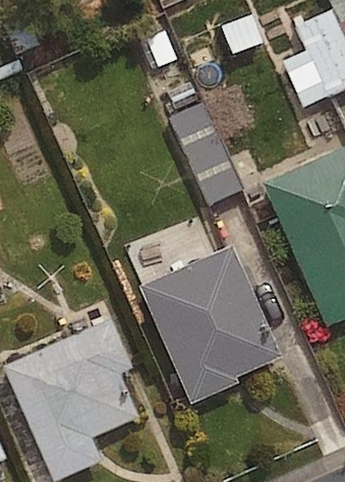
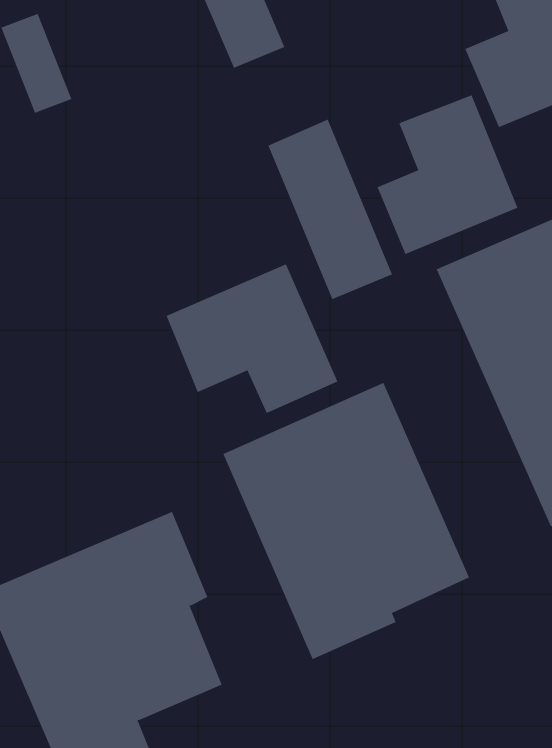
building: none -> [377,95,518,255]
building: none -> [166,263,338,414]

